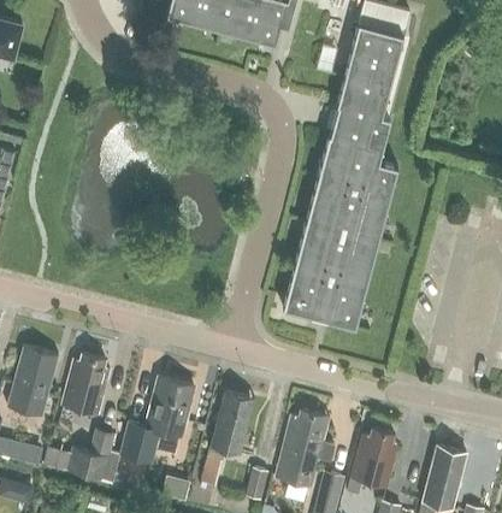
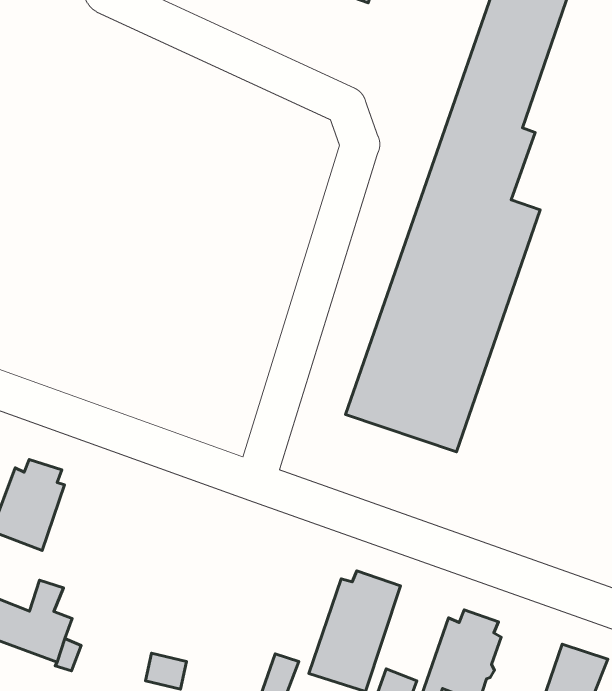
building: [119,379,194,465] -> none
building: [199,393,253,488] -> none

